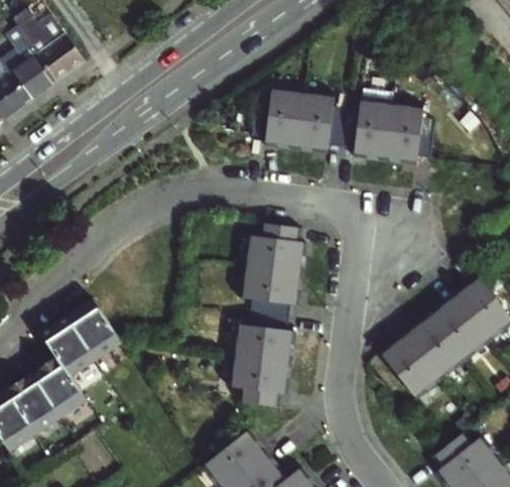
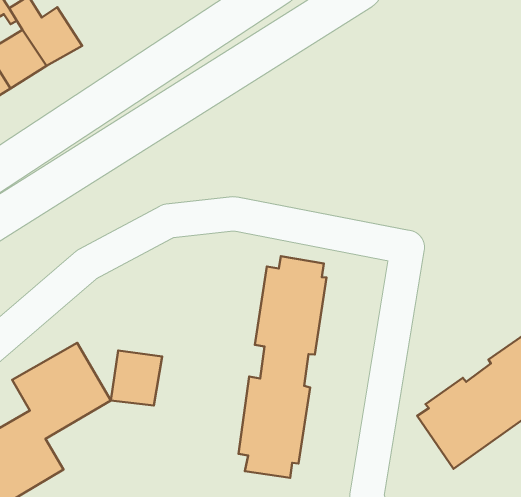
building: [248,90,427,156] -> none
building: none -> [111,350,162,405]

